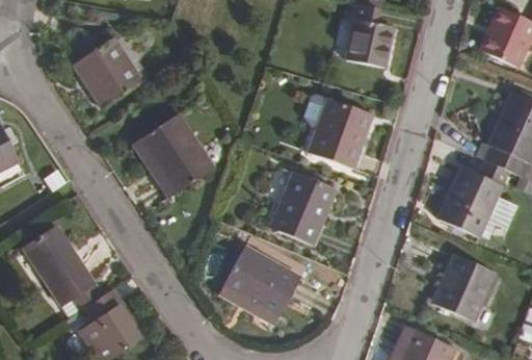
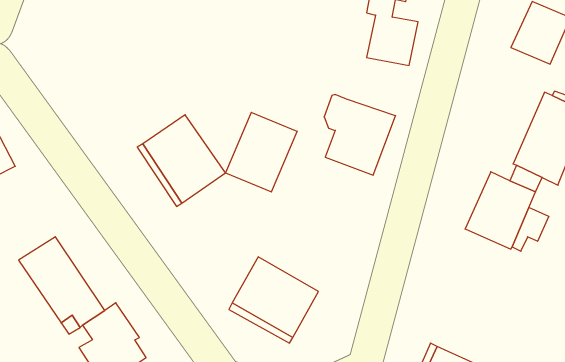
building: [72,36,142,107] -> none
building: [269,171,336,245] -> [226,112,297,192]
building: [431,253,496,322] -> none

